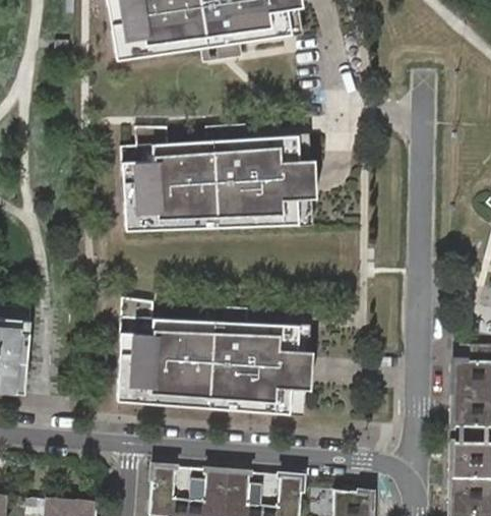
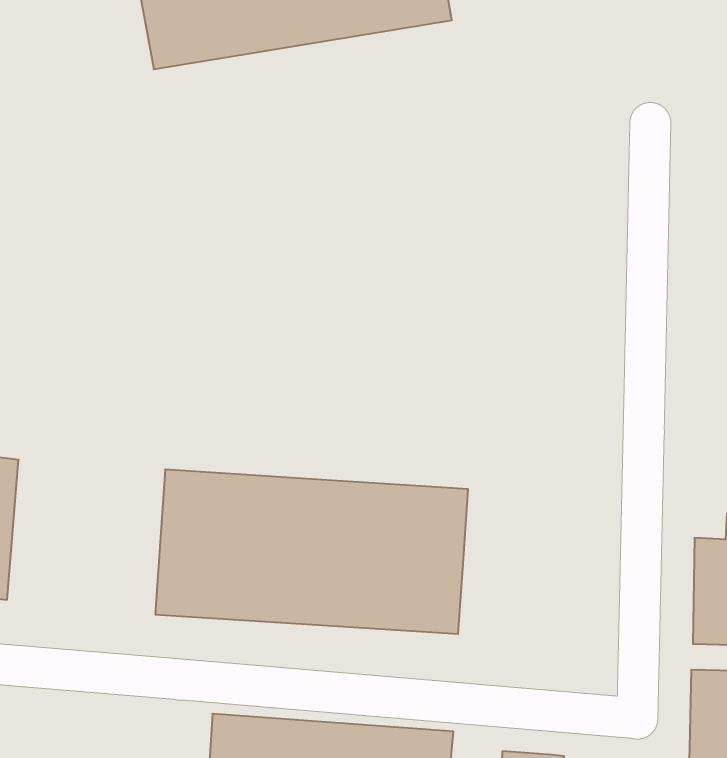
building: [121,131,314,232] -> none

